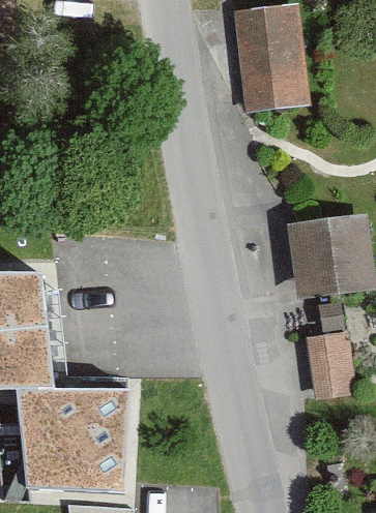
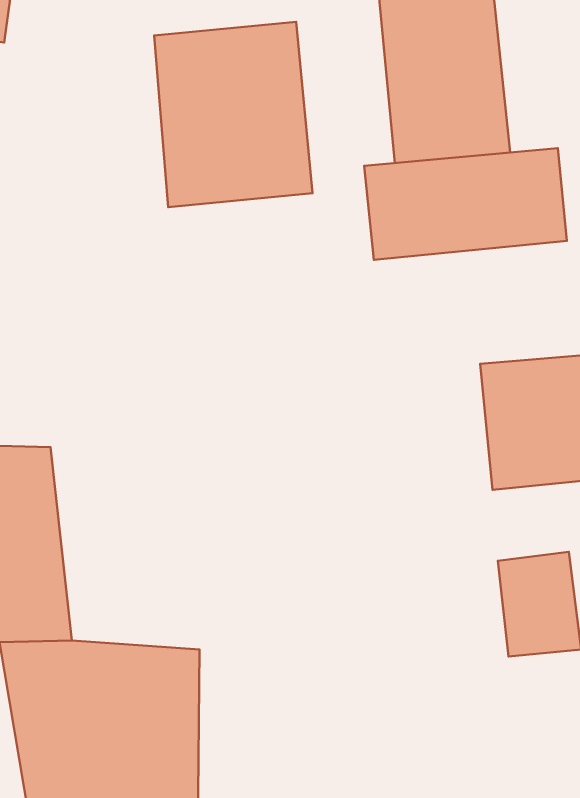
building: none -> [154,22,312,207]
building: none -> [364,148,567,260]

